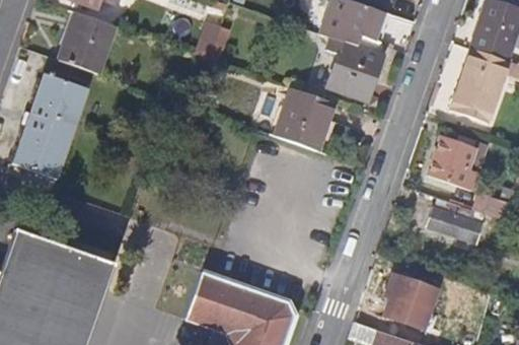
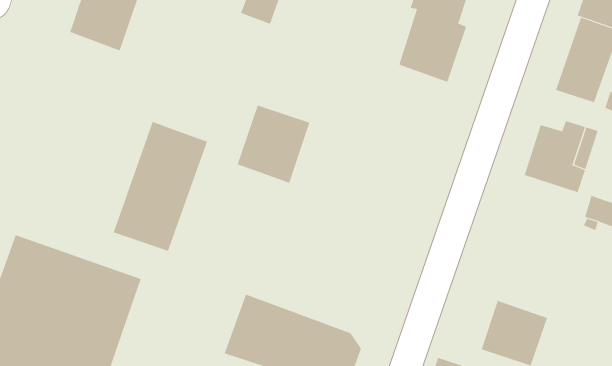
building: [12,76,88,181] -> [113,121,208,252]
building: [271,89,329,152] -> [237,105,310,183]
building: [425,208,480,245] -> none

